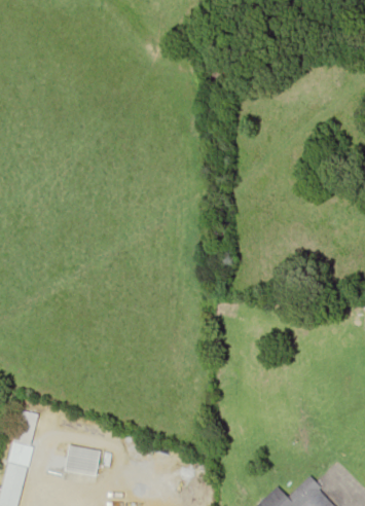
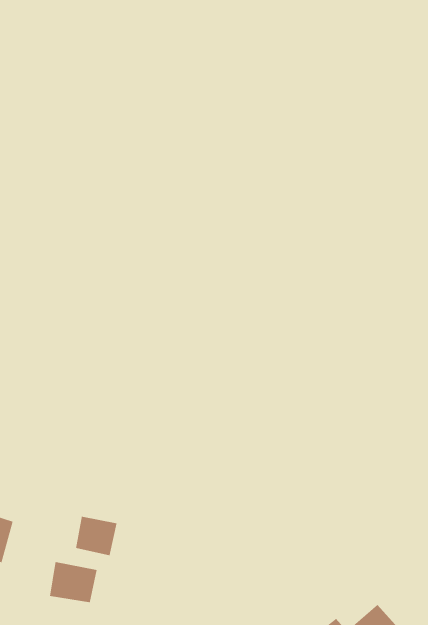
building: none -> [76,516,117,556]

